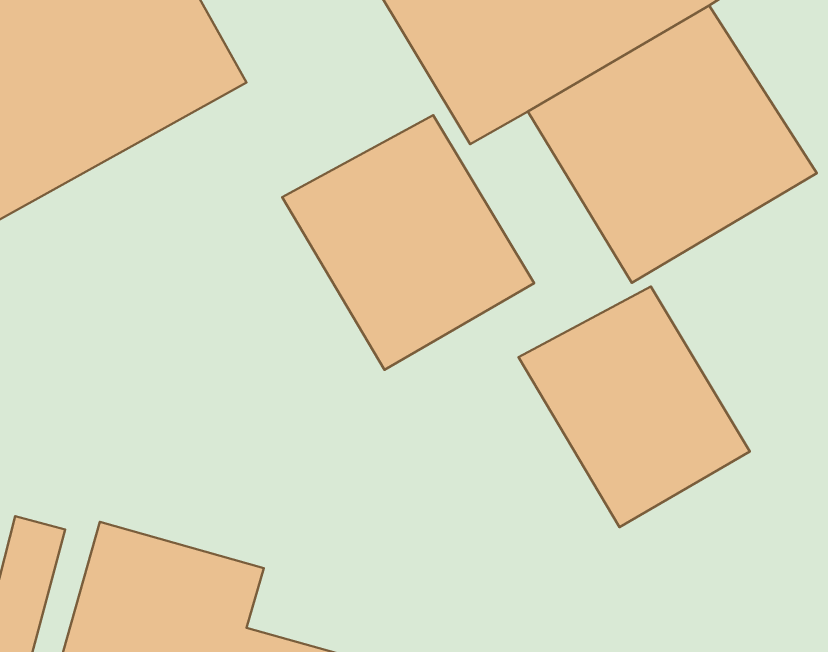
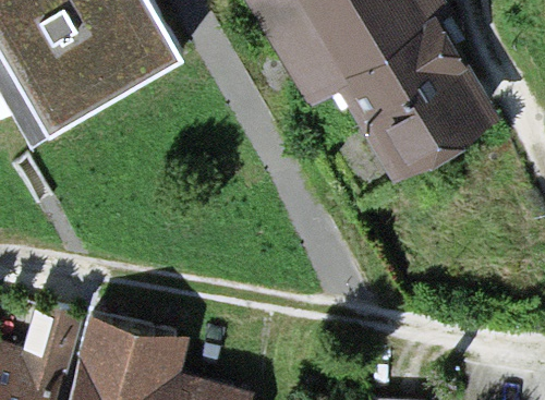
building: [282,115,534,370] -> none
building: [519,286,750,527] -> none

